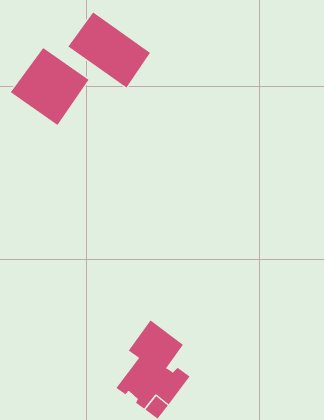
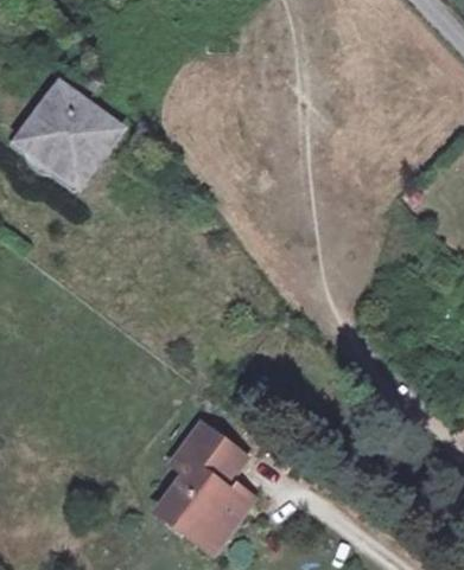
building: [68,11,151,88] -> none

